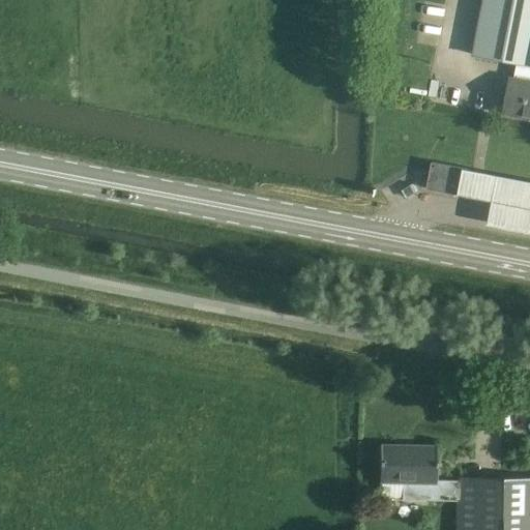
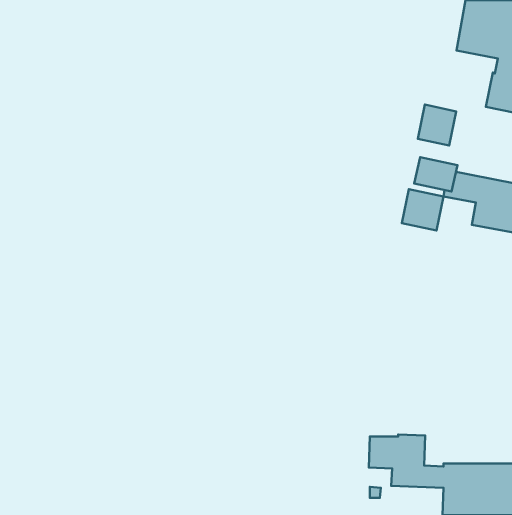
building: none -> [418,105,456,146]
building: none -> [402,189,443,231]

